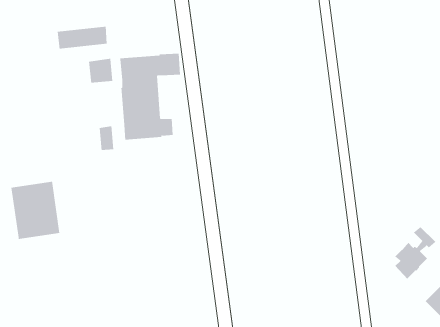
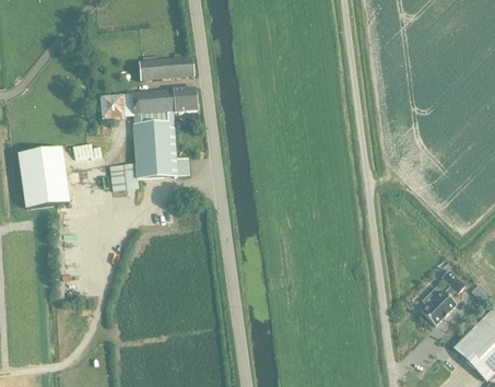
building: [57,26,108,49] -> [140,56,193,80]
building: [10,181,60,239] -> [17,146,70,208]

